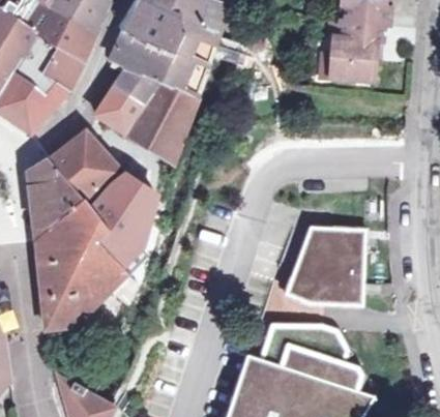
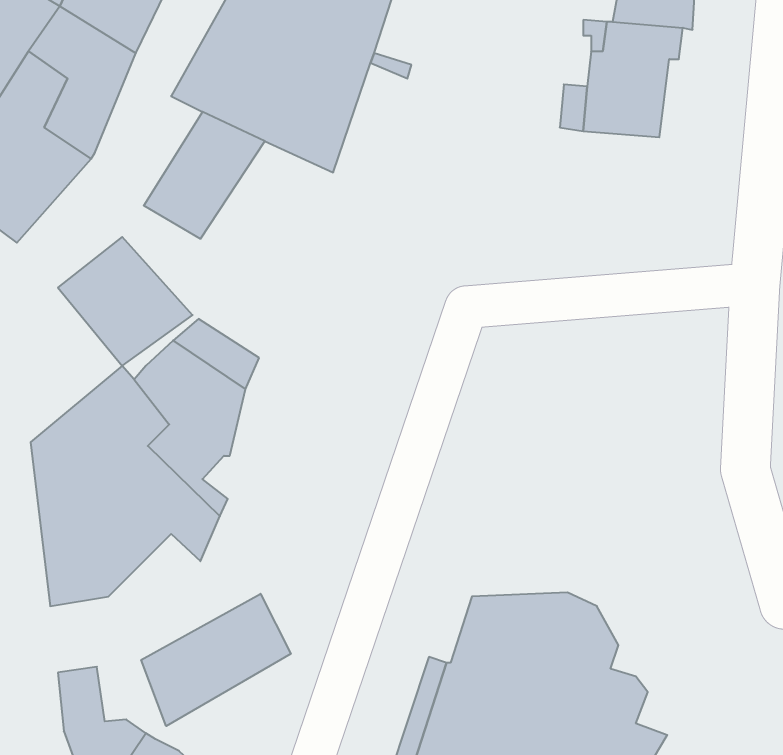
building: [126,82,197,162] -> none
building: [29,159,85,241] -> none
building: [285,226,364,305] -> none
building: none -> [141,594,291,726]

